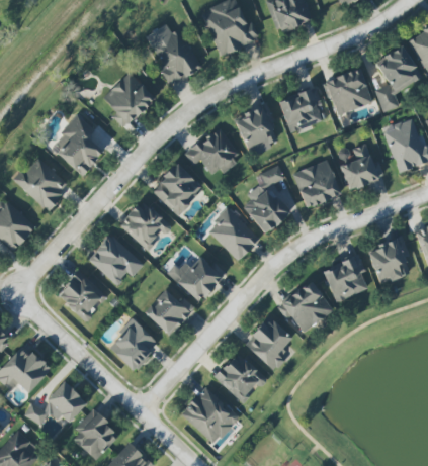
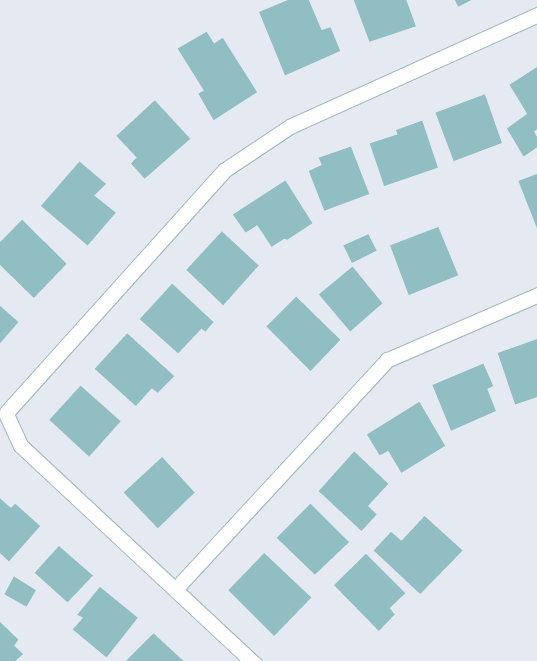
building: [339,144,383,190] -> none
building: [169,255,223,302] -> none
building: [144,289,195,336] -> none
building: none -> [373,515,464,595]
building: none -> [333,553,406,632]

